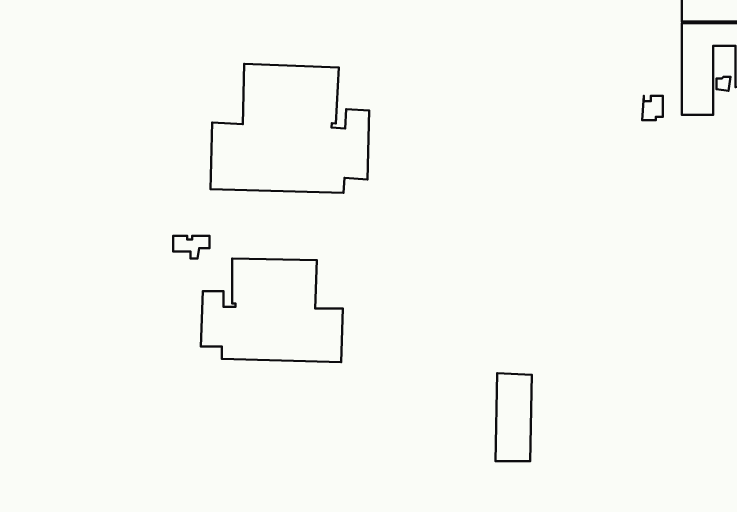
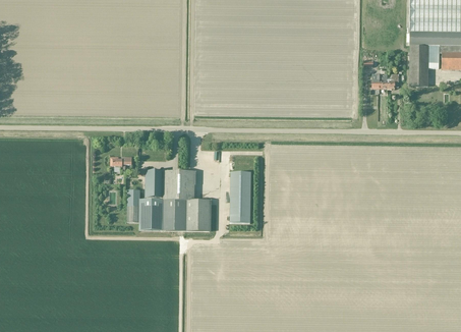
building: [210,64,369,193] -> none
building: [496,373,532,461] -> [230,171,251,223]

